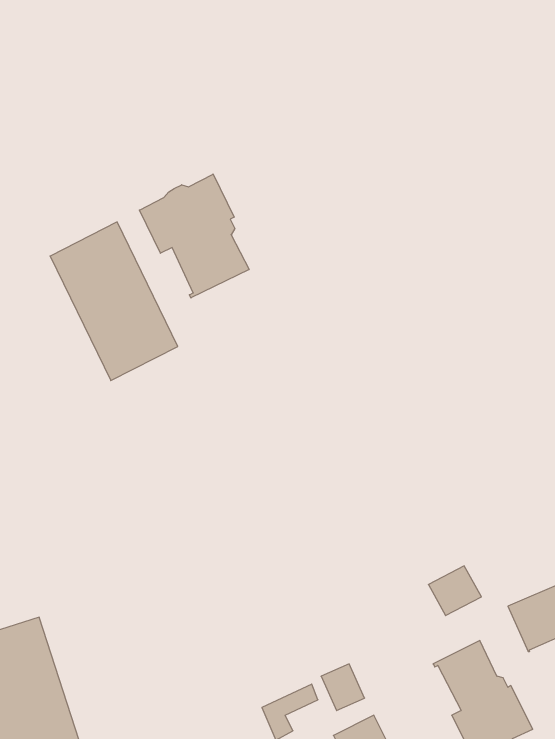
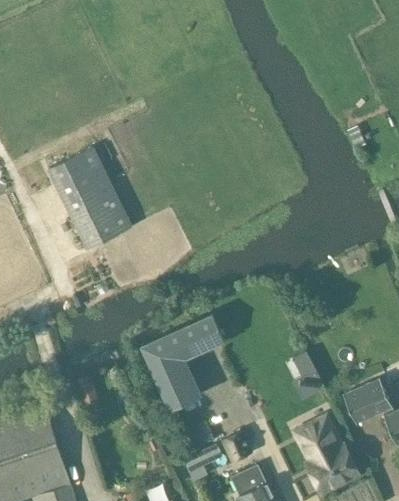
building: [139,174,249,298] -> none
building: none -> [141,314,224,410]

